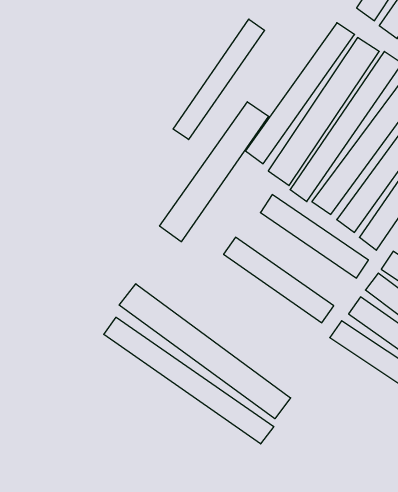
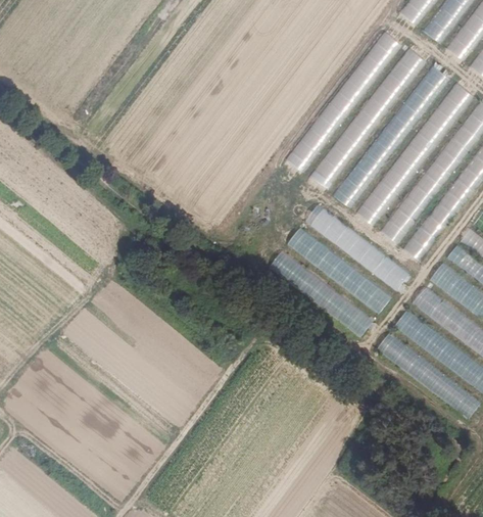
building: [173,19,265,140] -> none
building: [160,102,269,242] -> none
building: none -> [286,227,392,313]
building: [119,284,291,419] -> none
building: [104,317,274,444] -> none

